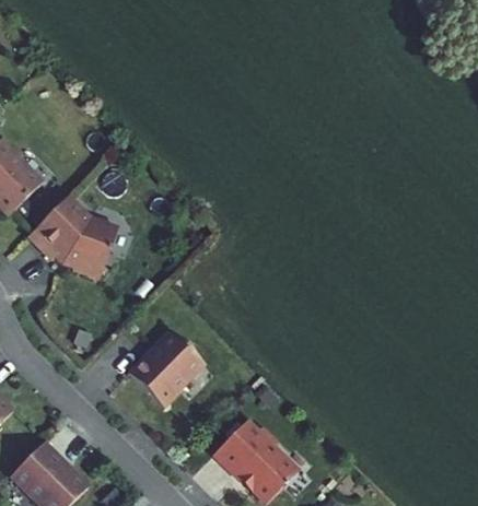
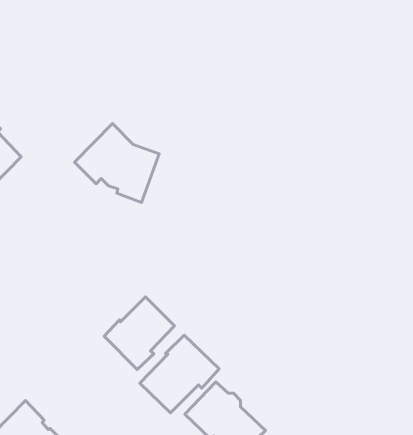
building: [27,196,117,279] -> [74,124,159,202]
building: none -> [140,335,219,413]

